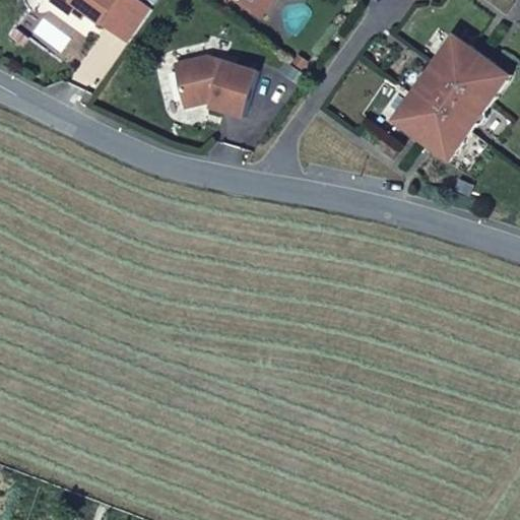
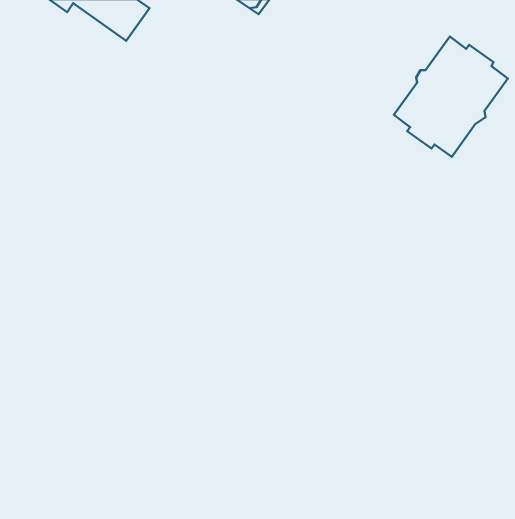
building: [172,55,256,116] -> none

